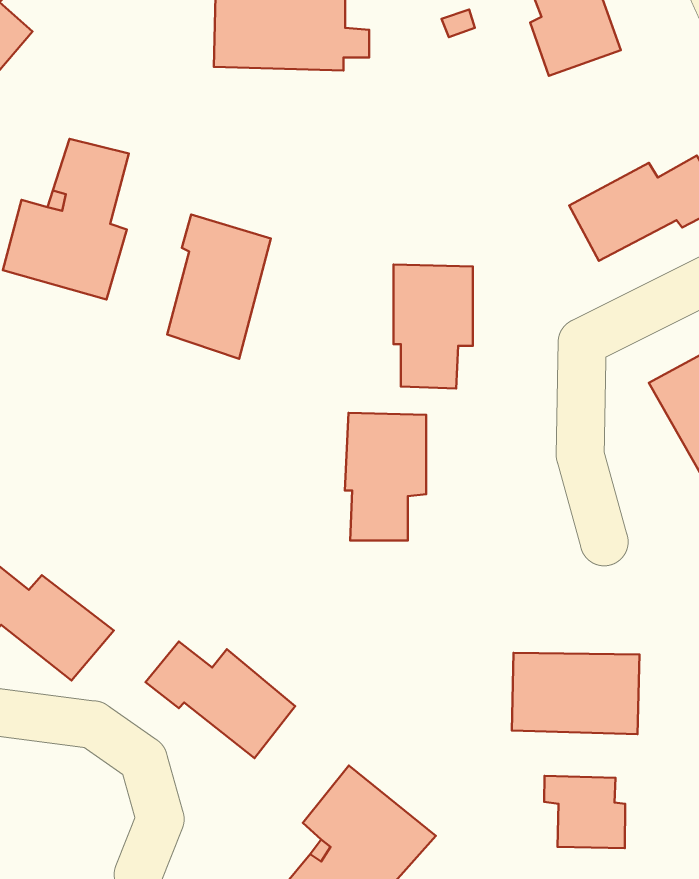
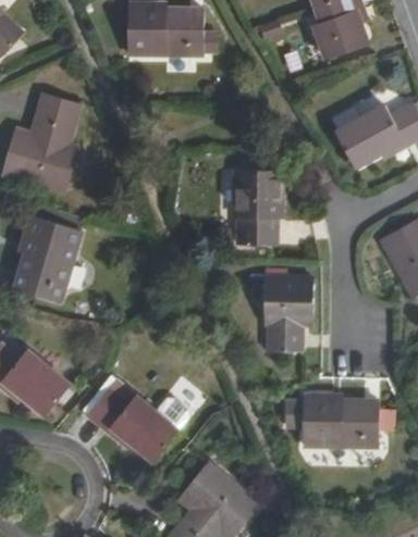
building: [167,214,271,359] -> [17,217,78,302]
building: [345,413,426,540] -> [265,276,312,351]
building: [544,776,625,848] -> none

